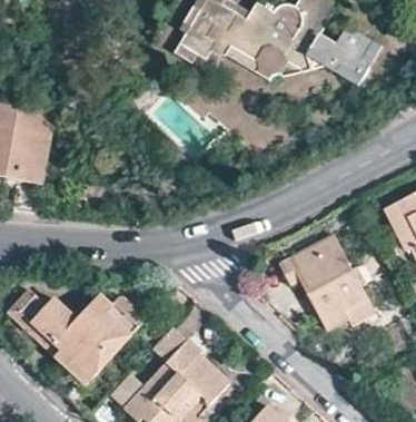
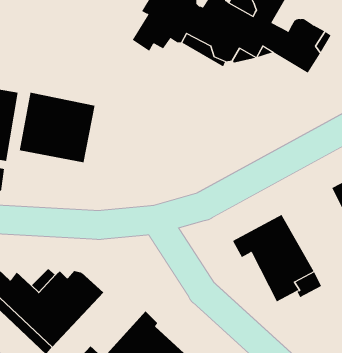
building: none -> [19,92,95,163]

